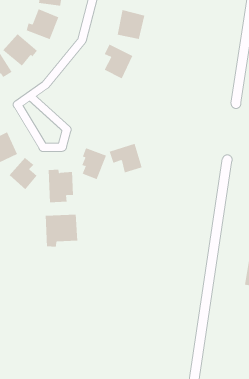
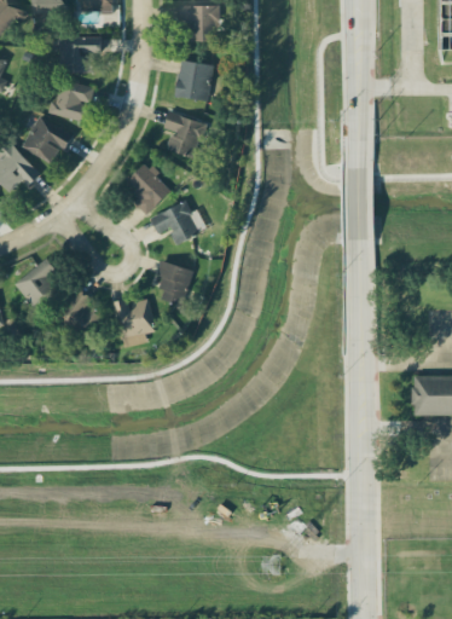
building: none -> [126,162,172,214]
building: [109,143,142,173] -> [150,199,201,244]
building: [45,214,78,247] -> none

